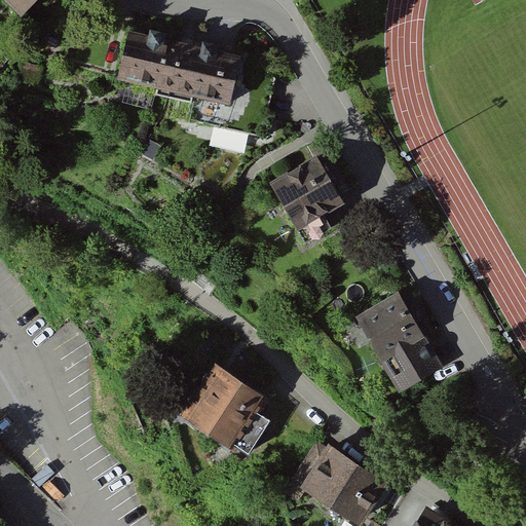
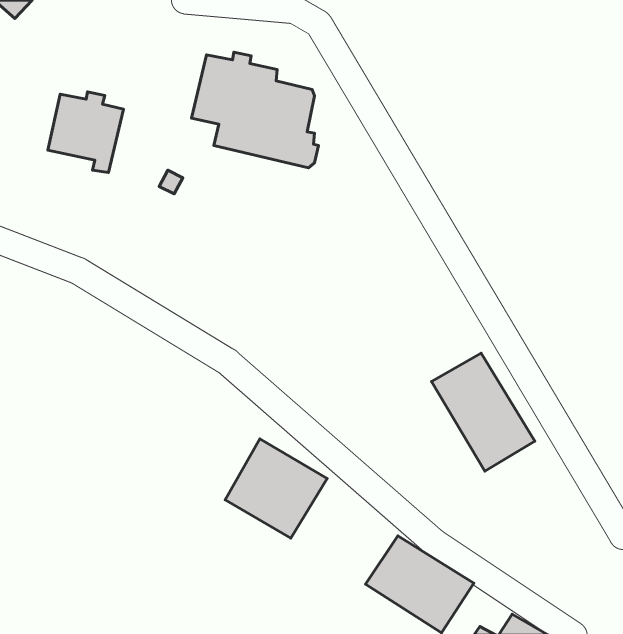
building: [108,32,171,99] -> [48,92,124,173]
building: [261,158,333,243] -> none

